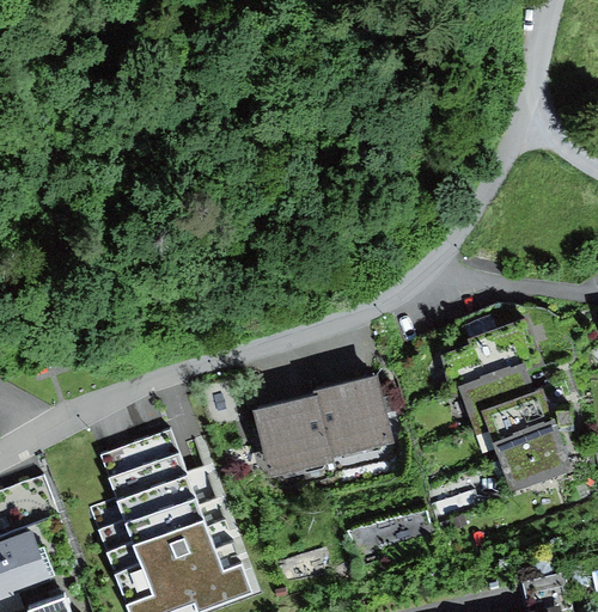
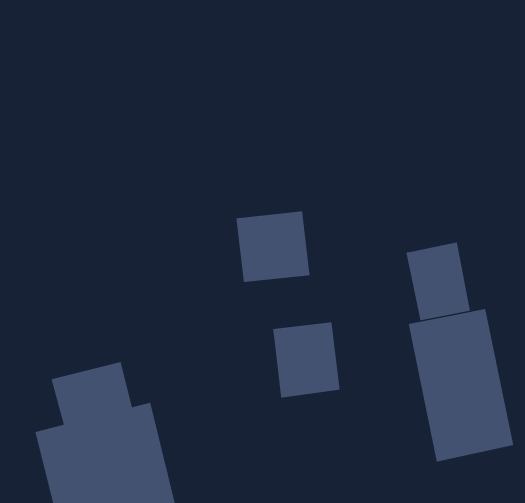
building: none -> [406,242,471,321]
building: [254,394,336,475] -> [236,211,310,283]

